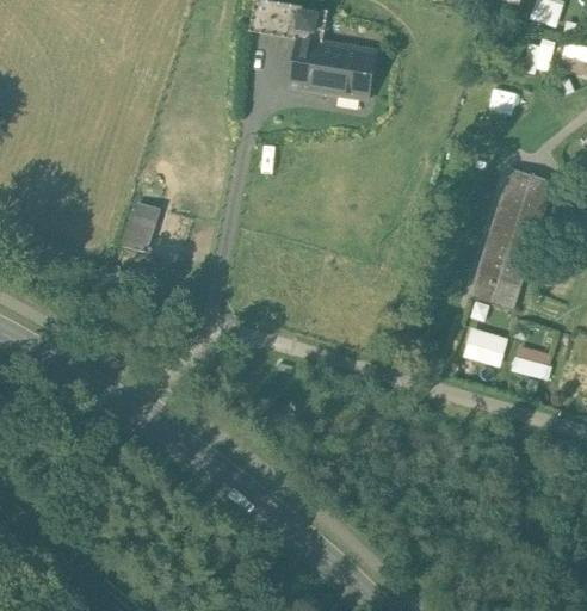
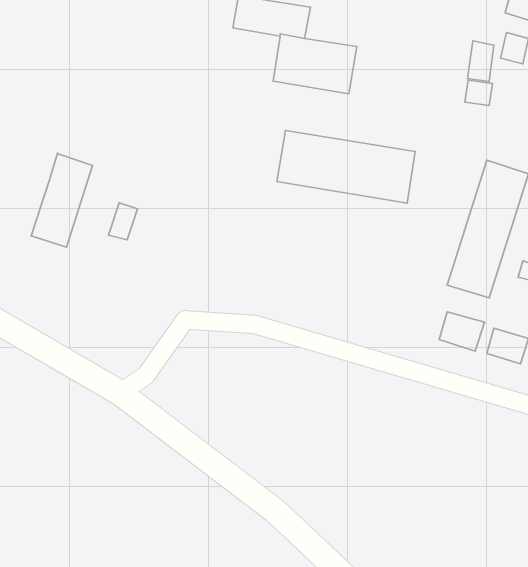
building: none -> [468,41,494,82]
building: none -> [277,130,415,203]
building: none -> [31,153,92,247]

